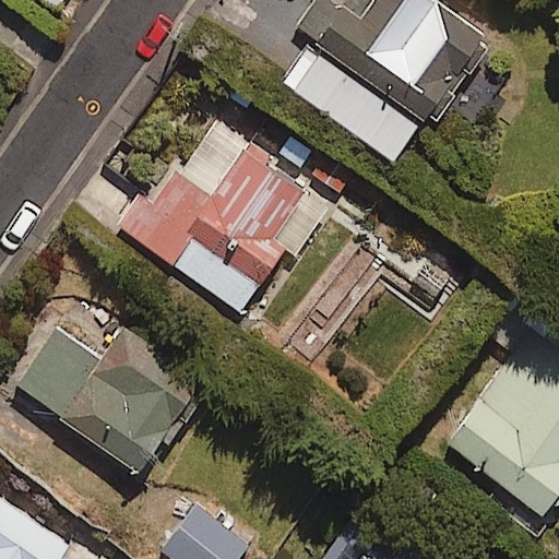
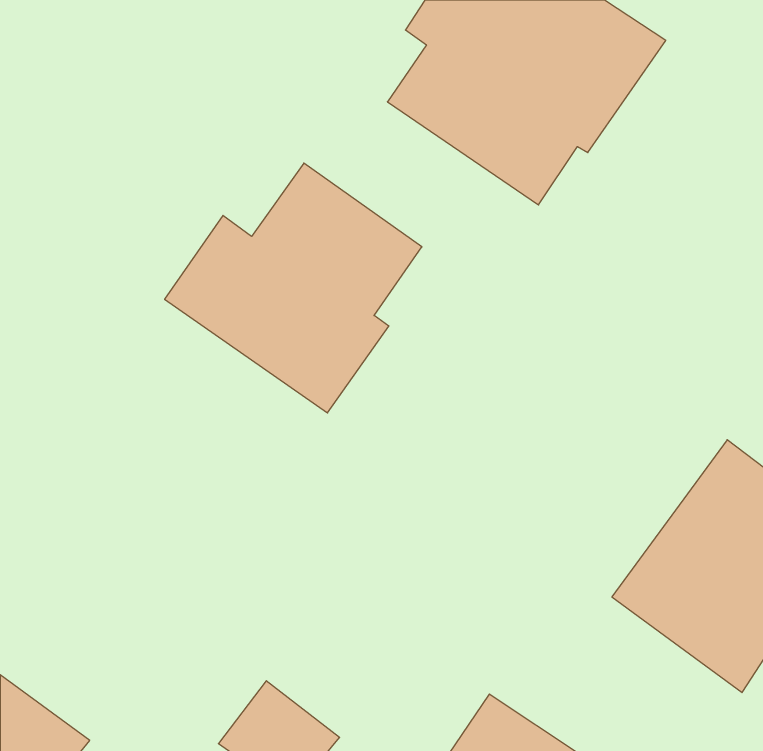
building: [14,304,203,475] -> none

